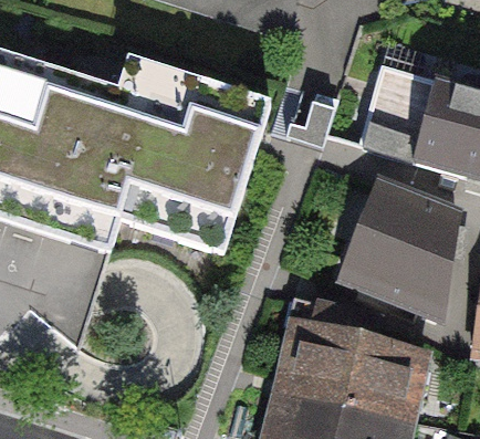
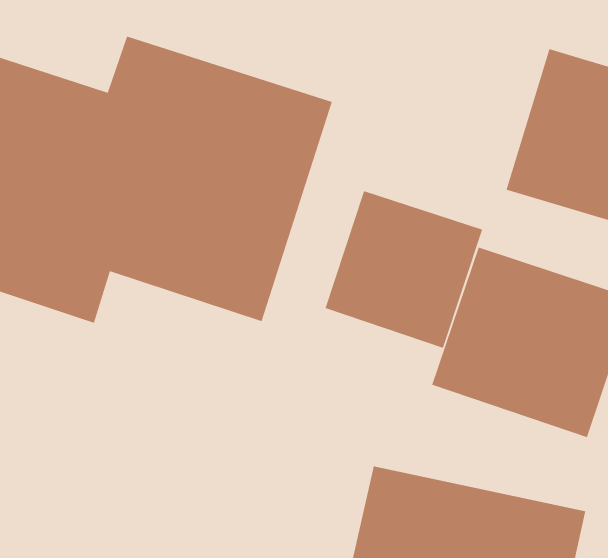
building: none -> [324,190,483,349]

